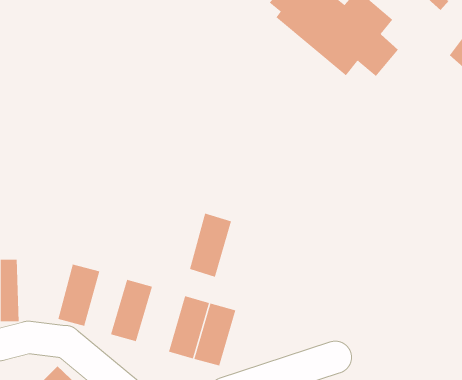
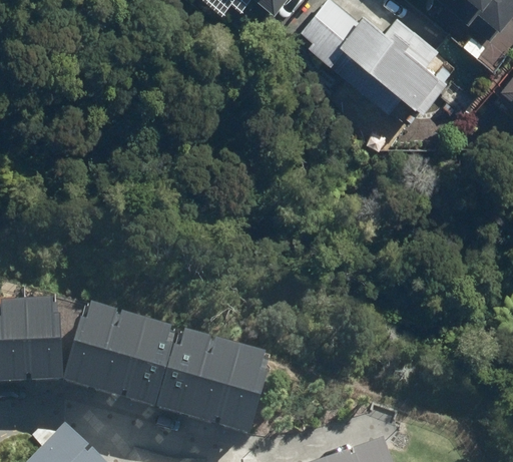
building: [189,213,232,277] -> [158,344,205,415]
building: none -> [21,312,57,382]
building: none -> [95,326,141,396]

